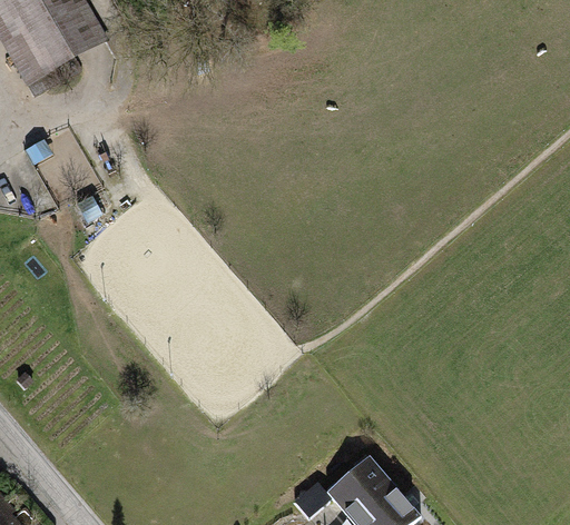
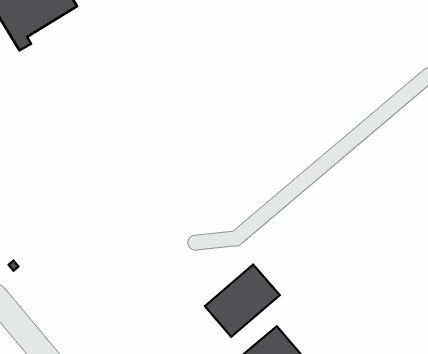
building: none -> [205,265,280,337]

